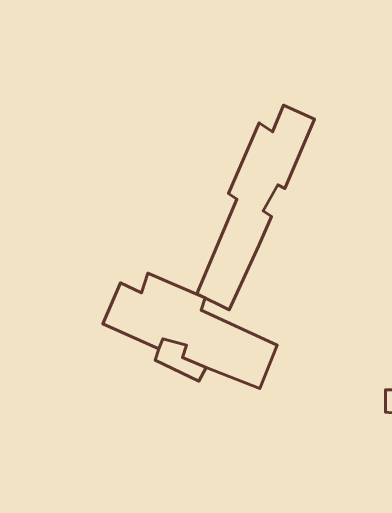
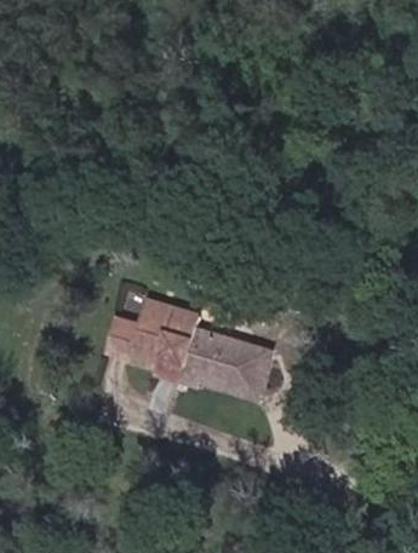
building: [197,105,315,310] -> none

